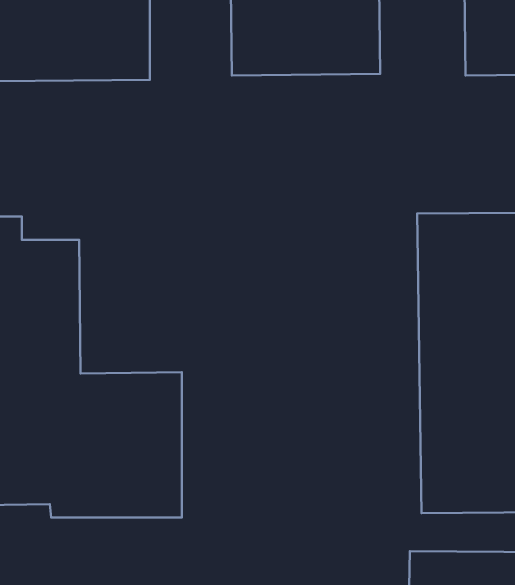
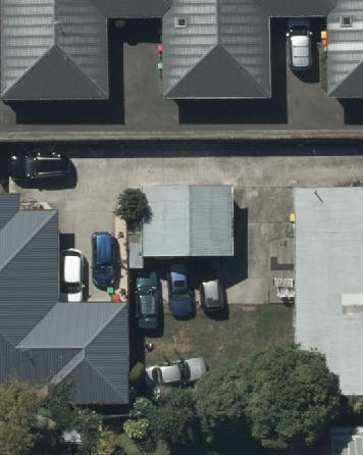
building: none -> [129,184,231,266]

